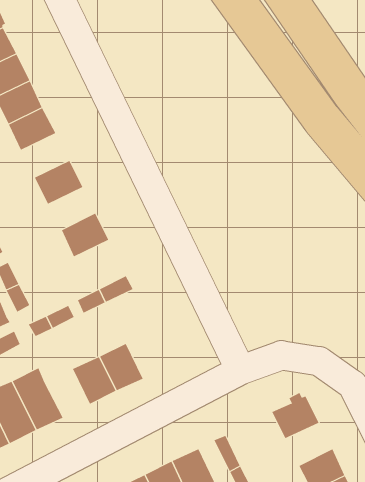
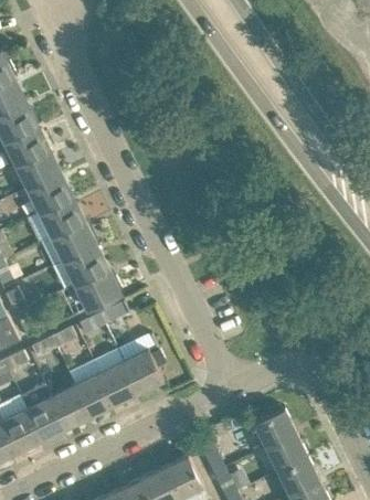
building: none -> [27,172,71,212]
building: none -> [51,221,96,259]
building: none -> [74,268,120,308]
building: none -> [121,333,165,393]
building: none -> [49,384,88,428]
building: none -> [264,433,307,471]

